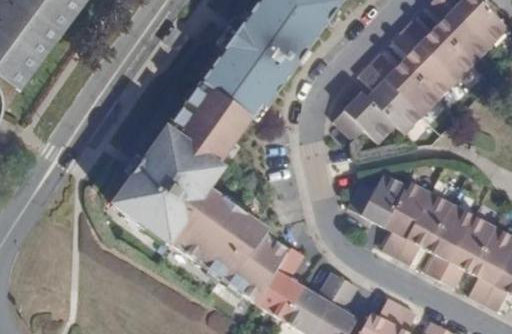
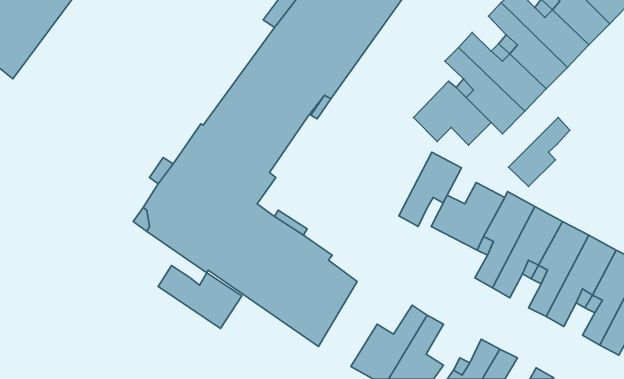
building: none -> [508,117,570,187]
building: none -> [399,152,461,226]
building: none -> [158,265,242,329]
building: [258,247,305,320] -> none

